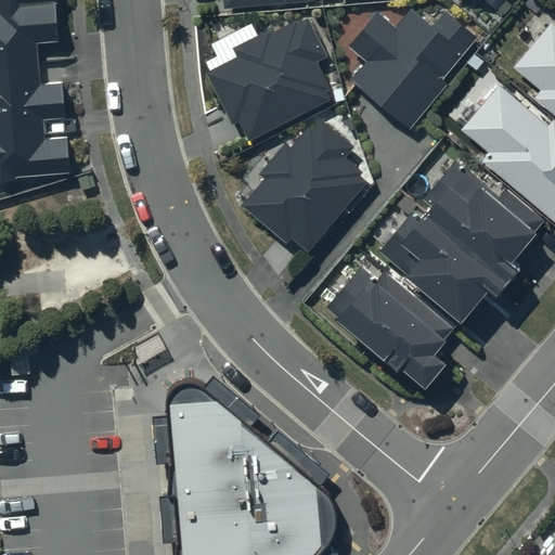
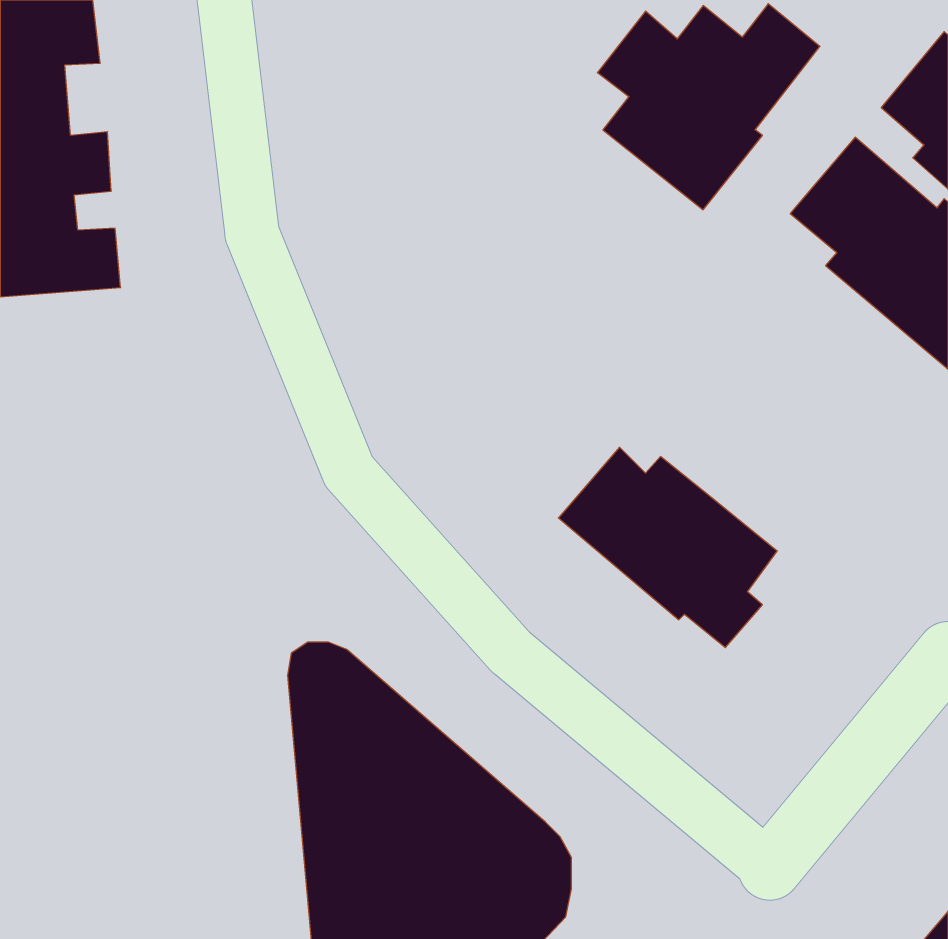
building: [207,21,330,142] -> none
building: [243,121,367,253] -> none
building: [380,162,545,327] -> none

